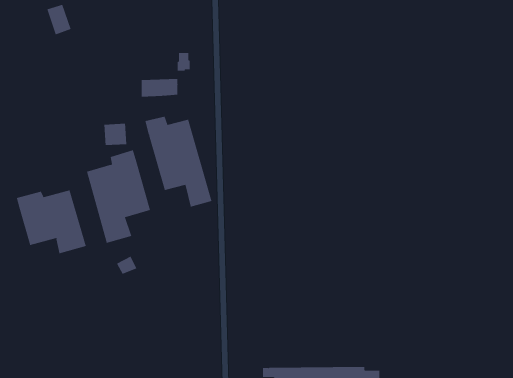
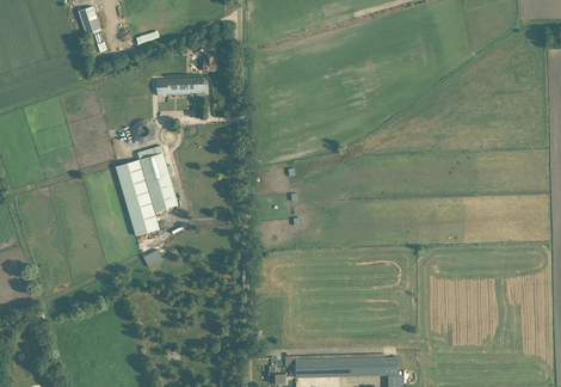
building: [145,116,212,207] -> none
building: [16,189,86,254] -> none

